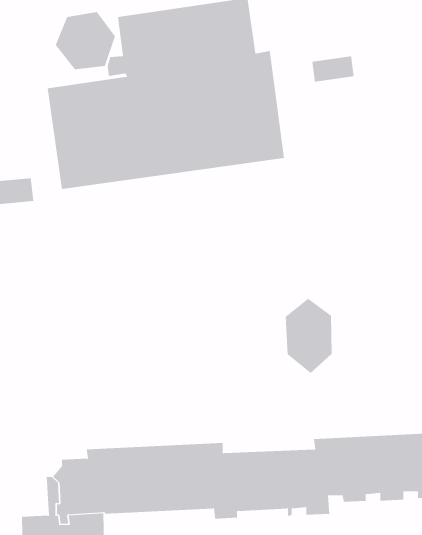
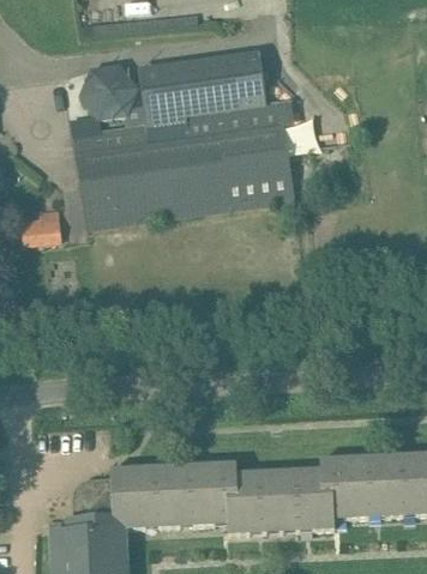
building: [312,56,354,82] -> none
building: [285,298,332,374] -> none

